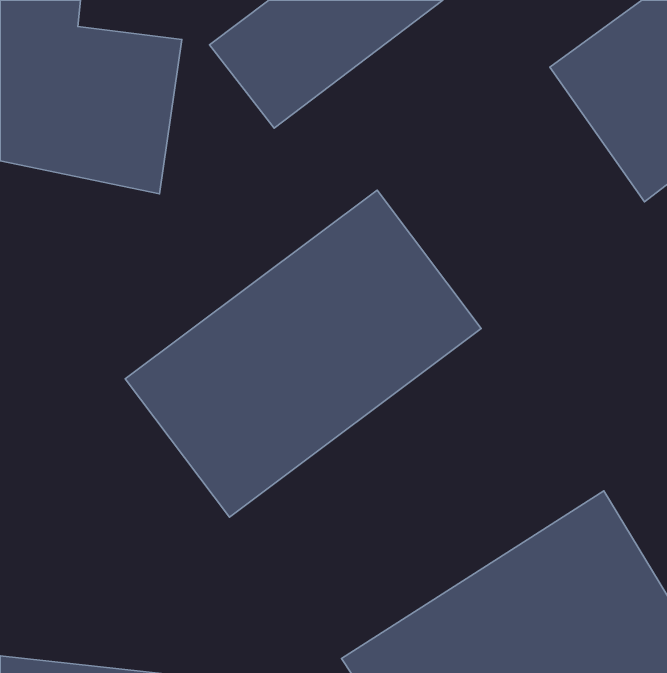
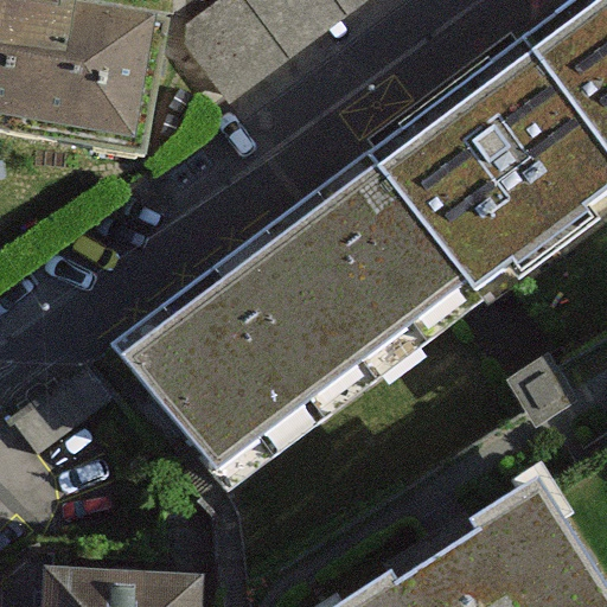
building: none -> [345,62,586,296]

